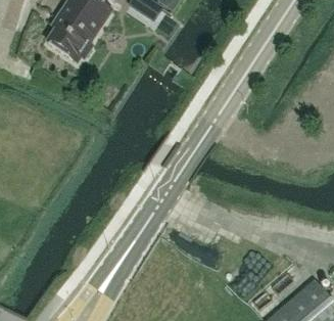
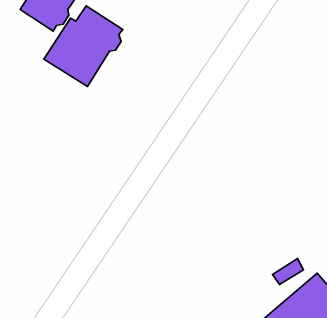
building: none -> [44,6,123,87]

